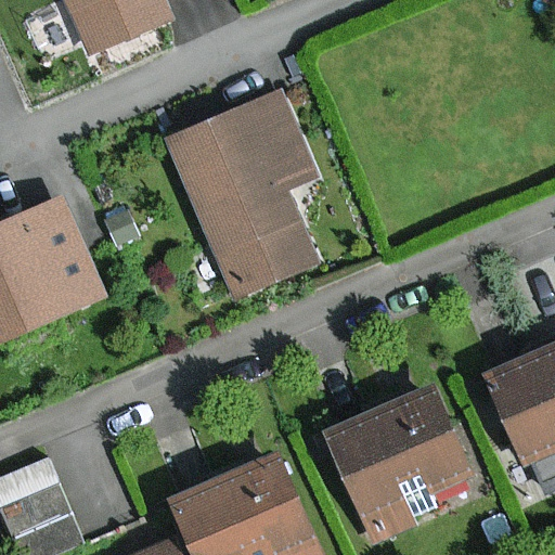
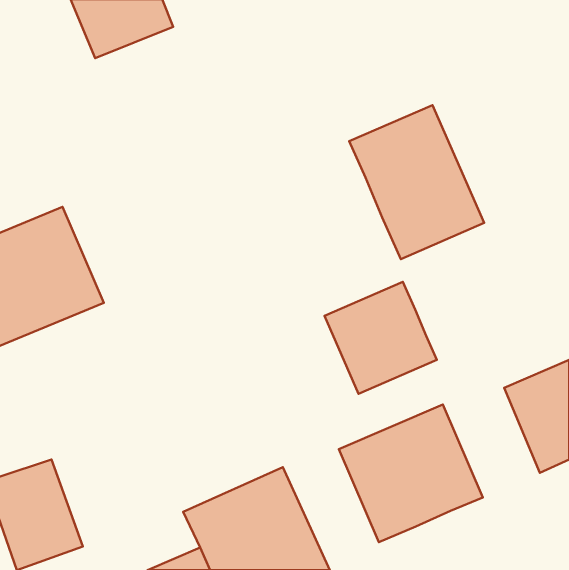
building: [170,95,317,295] -> none
building: none -> [349,105,484,259]
building: none -> [325,282,437,394]

